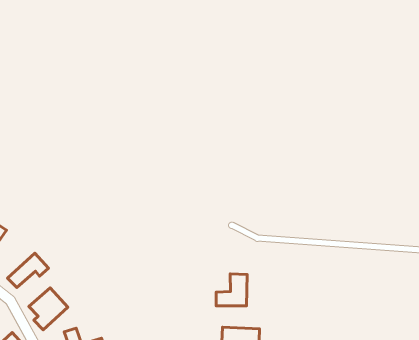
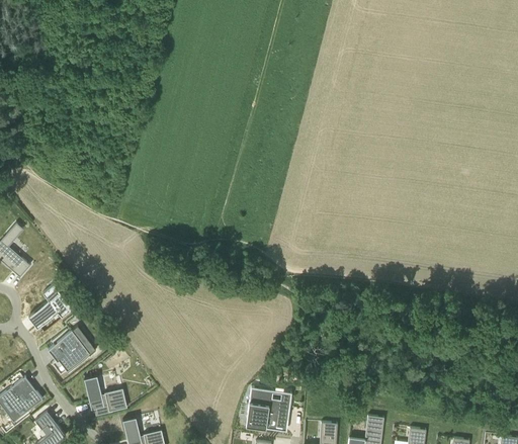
building: [216,274,247,306] -> none

